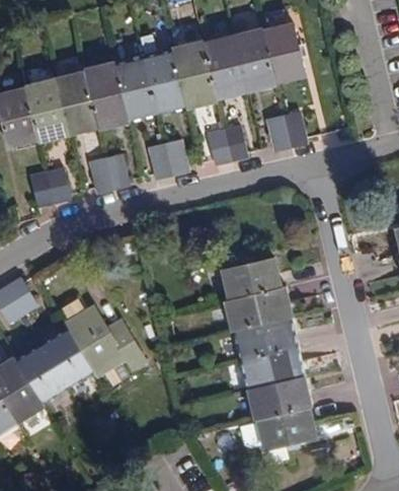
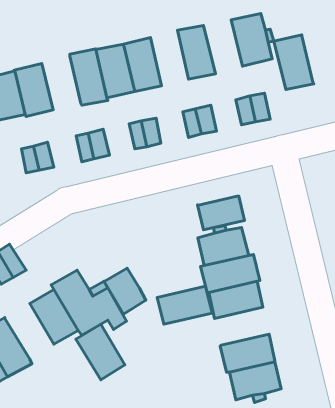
building: [230,32,273,92] -> [274,35,314,89]
building: [172,44,215,108] -> none
building: [54,73,96,132] -> none
building: none -> [198,196,245,230]
building: none -> [104,268,146,314]
building: [13,344,67,405] -> [76,324,125,380]
building: [242,348,302,390] -> [157,286,212,324]

